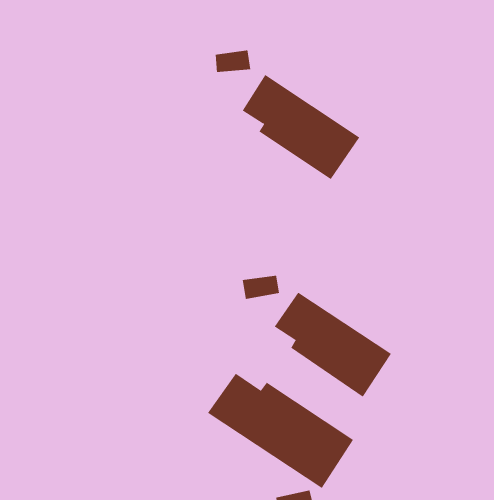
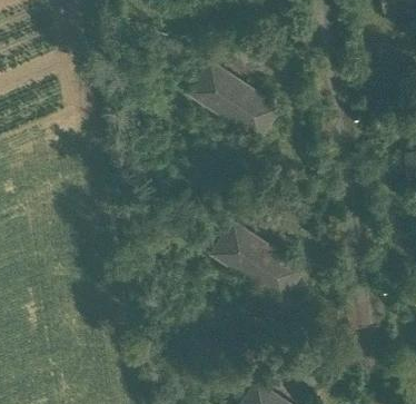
building: [207,373,354,489] -> none

